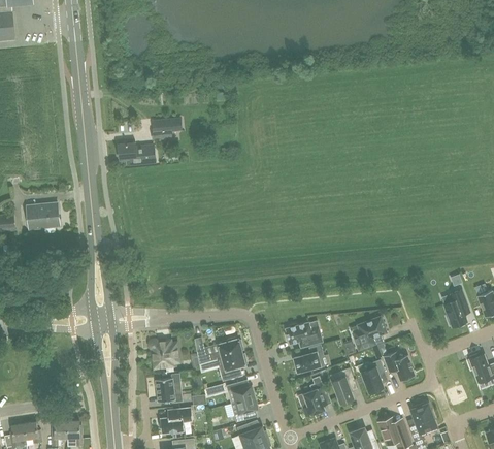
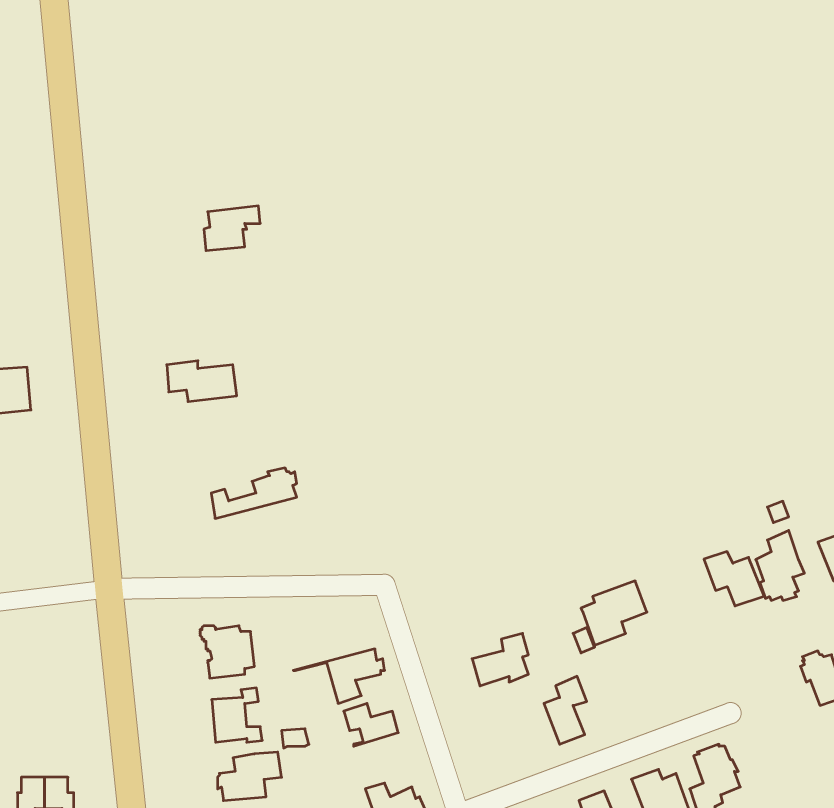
building: [118,142,155,164] -> [167,361,237,402]
building: [285,321,321,347] -> none
building: [196,336,241,363] -> [211,468,297,518]
building: [383,351,415,380] -> [704,552,764,606]
building: [361,359,384,392] -> none
building: [302,376,327,416] -> none
building: [230,396,257,421] -> none

